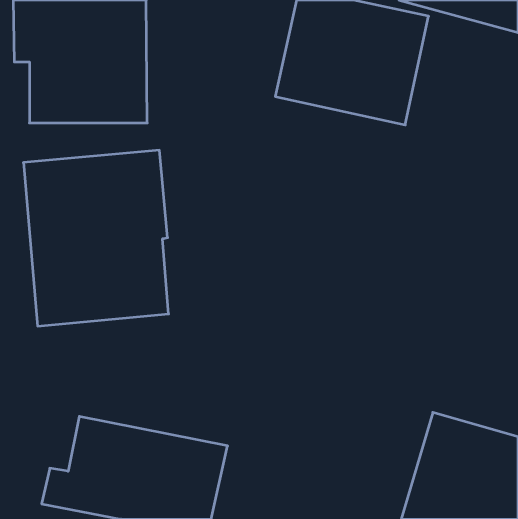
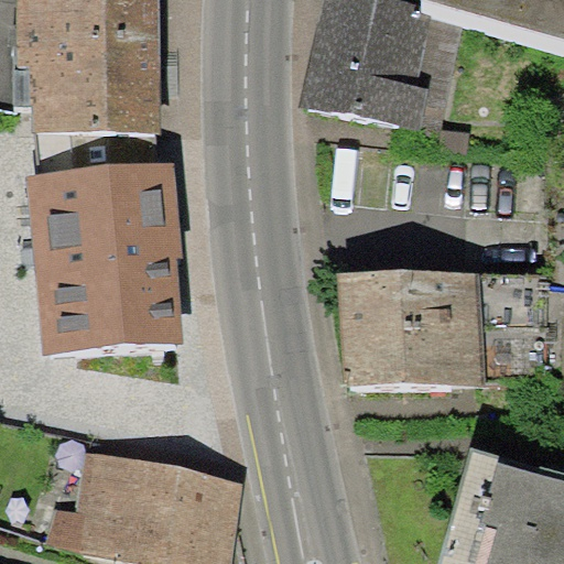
building: none -> [337,268,480,388]

